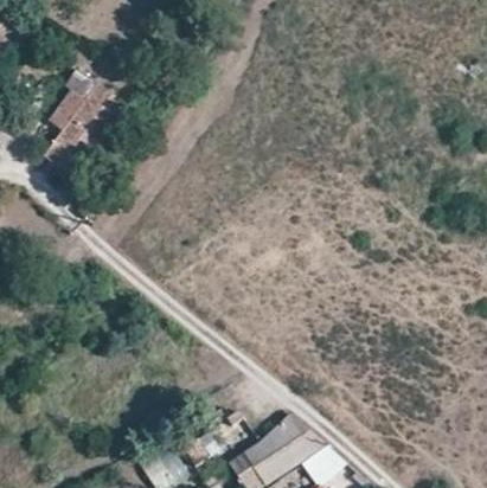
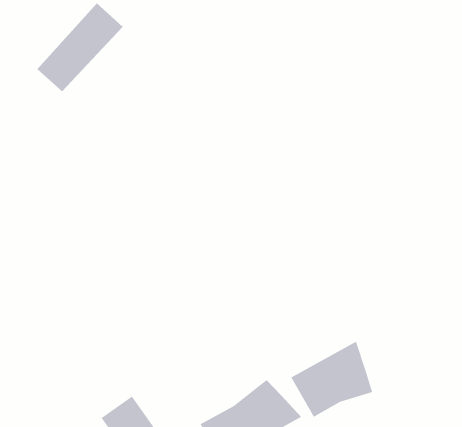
building: none -> [290,340,373,418]

